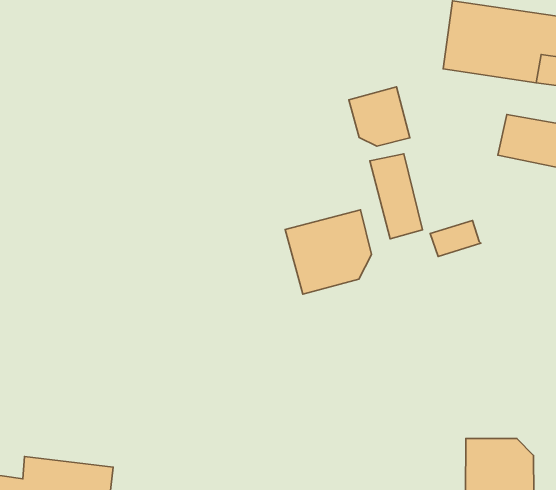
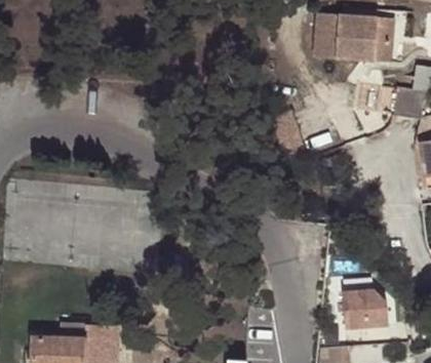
building: [349,87,410,146] -> none
building: [285,210,371,294] -> none

